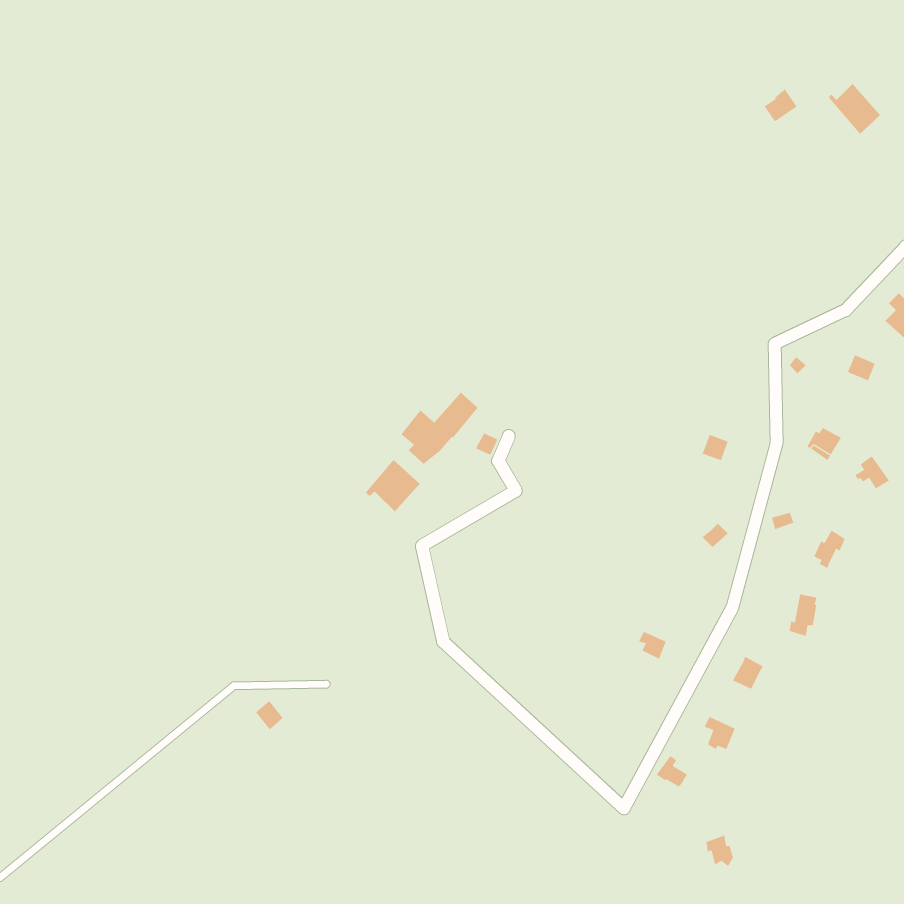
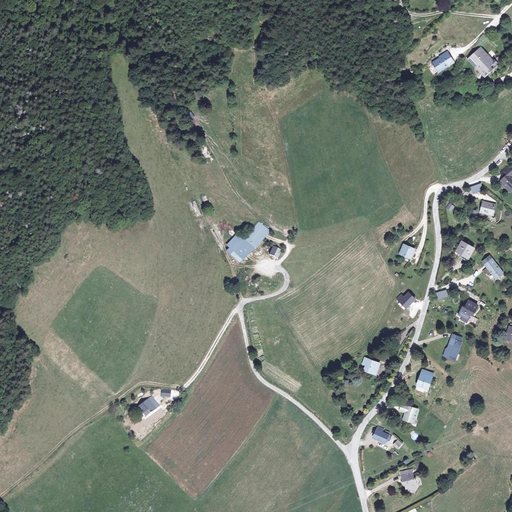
building: [365,459,420,512] -> none

